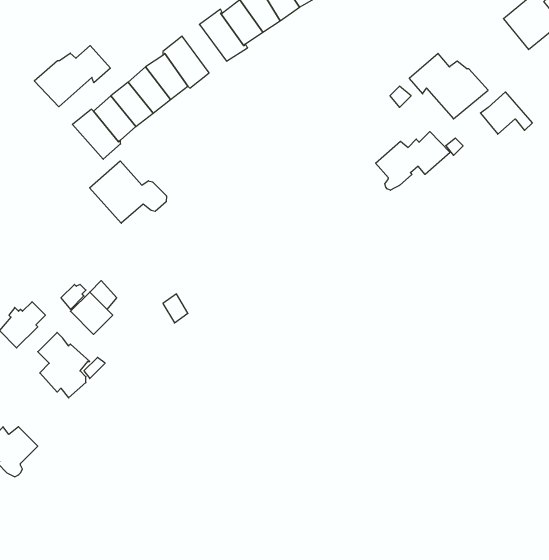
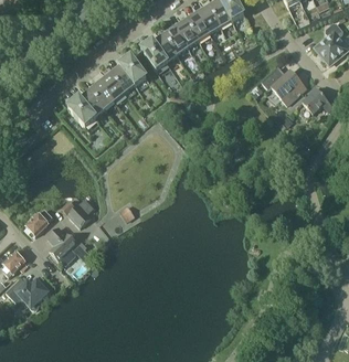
building: [34,46,110,107] -> none
building: [376,132,450,190] -> none
building: [90,161,166,223] -> none

